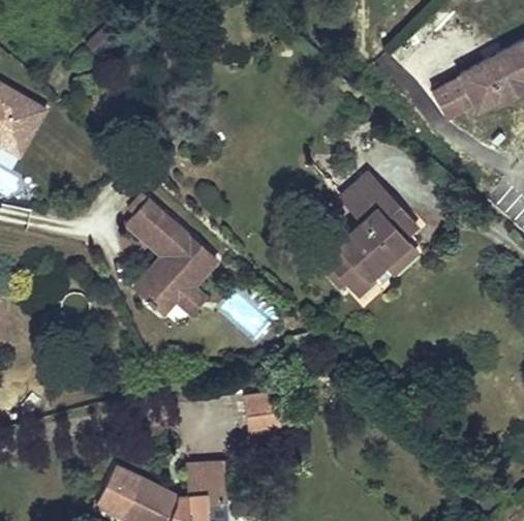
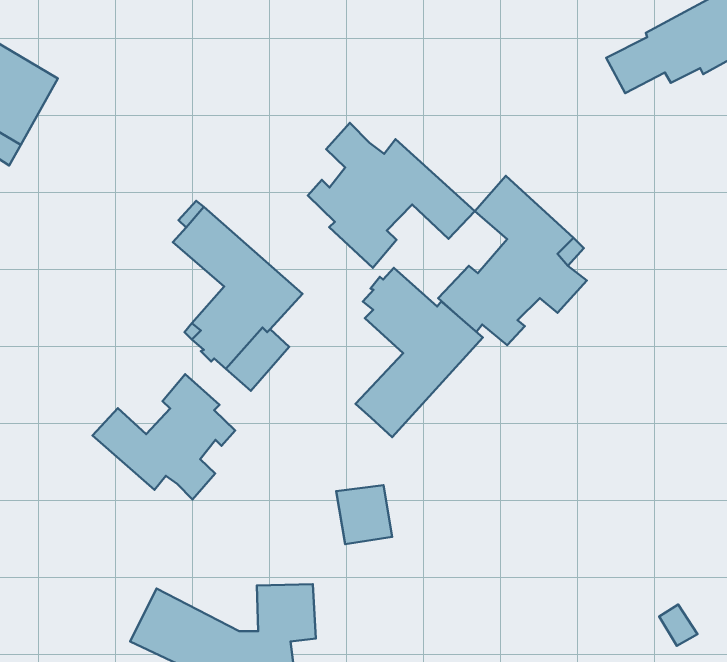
building: none -> [308,123,475,268]
building: none -> [356,268,483,437]
building: none -> [93,374,235,499]

